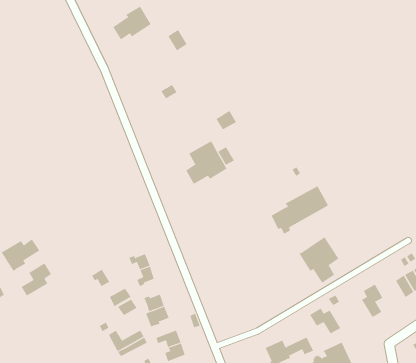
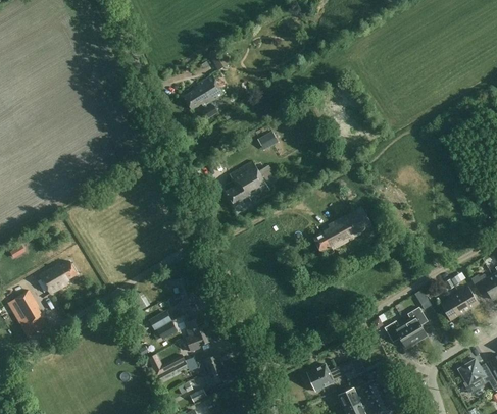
building: [113,6,152,40] -> [183,75,222,110]
building: [299,237,339,284] -> none
building: [21,262,52,296] -> none
building: [309,308,341,334] -> [383,321,415,348]

